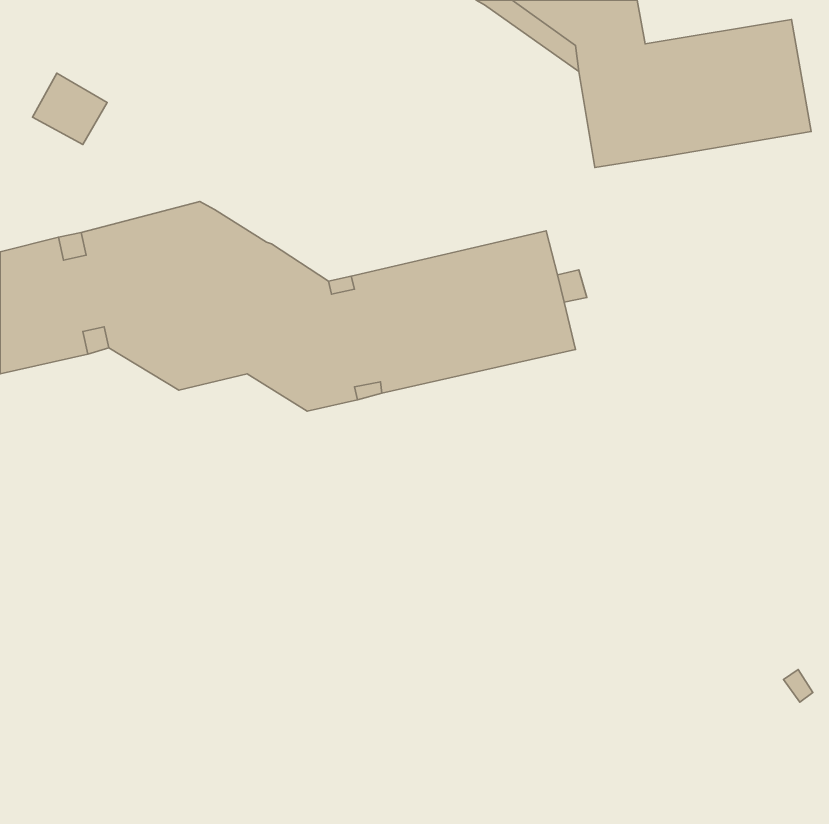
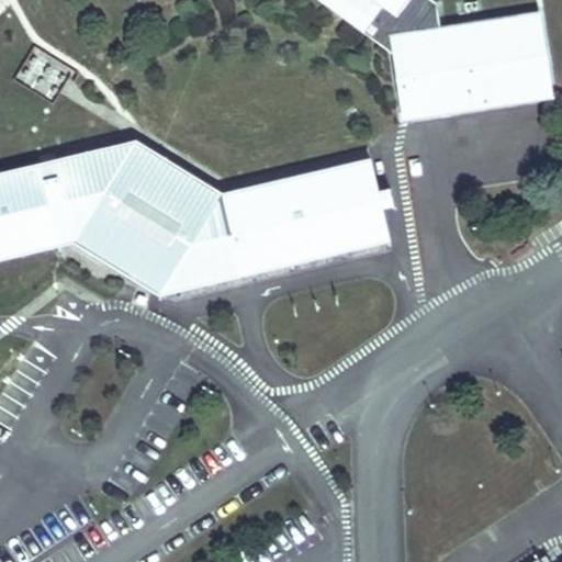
building: none -> [122,257,209,293]

